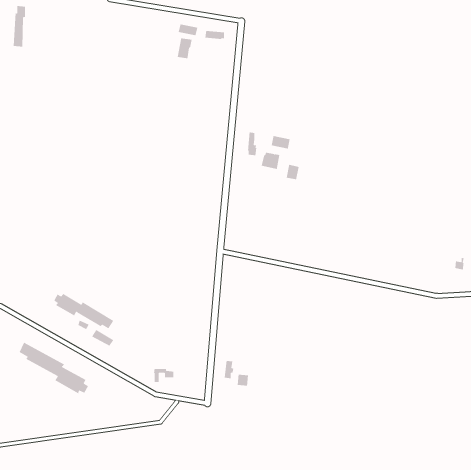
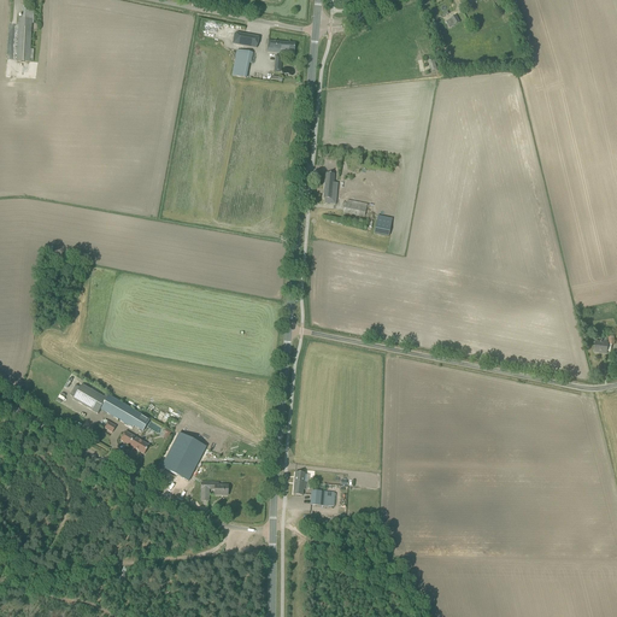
building: none -> [160,433,205,481]
building: [19,342,89,394] -> none

